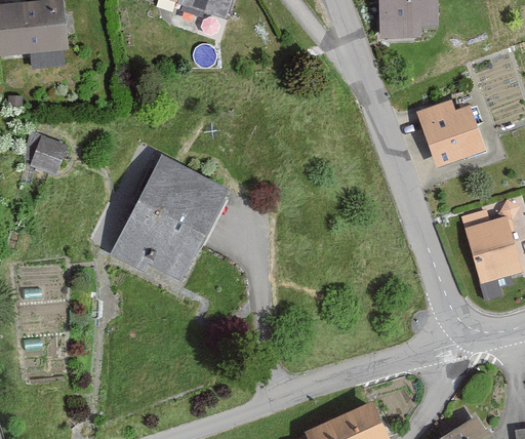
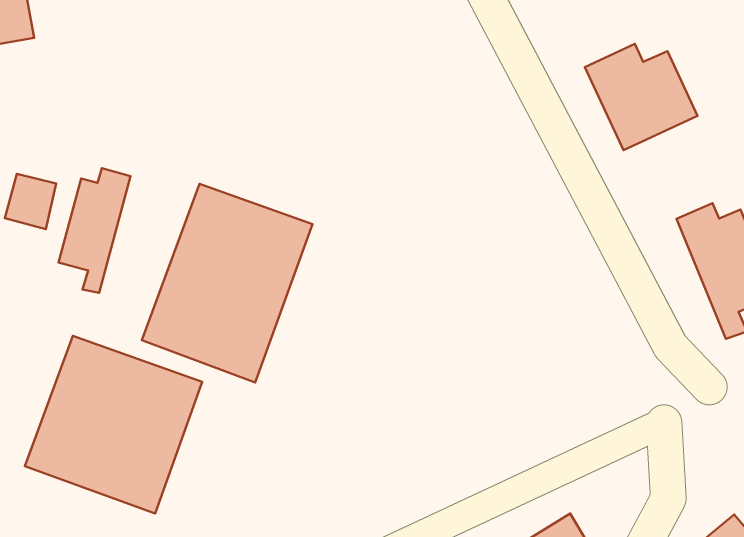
building: none -> [58,168,130,293]
building: none -> [25,336,202,513]

